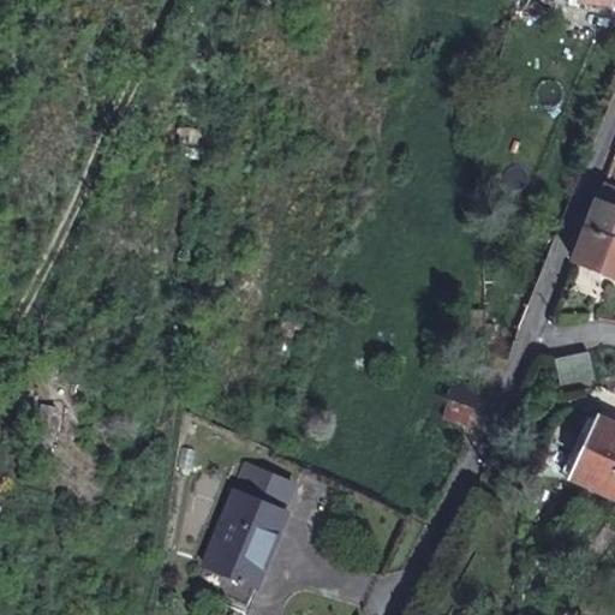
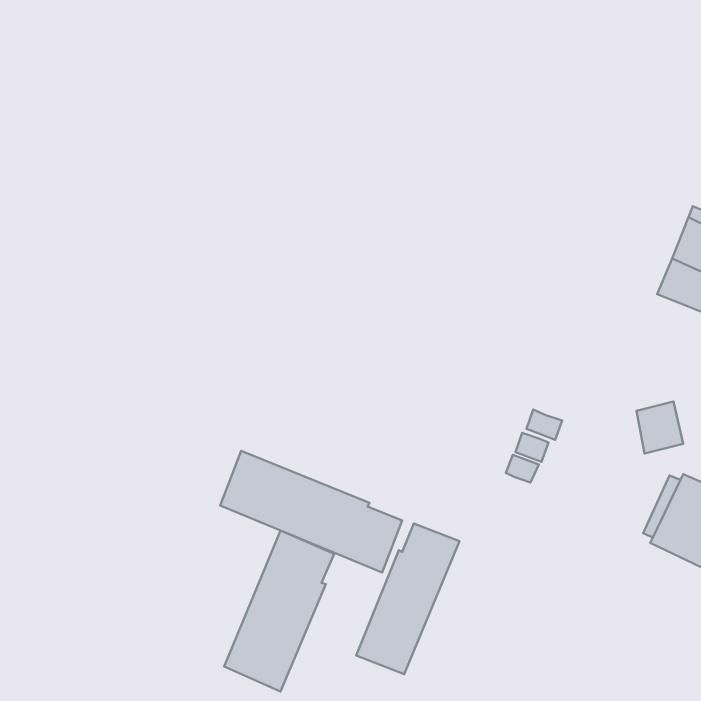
building: none -> [220,451,402,573]
building: none -> [356,523,459,674]

